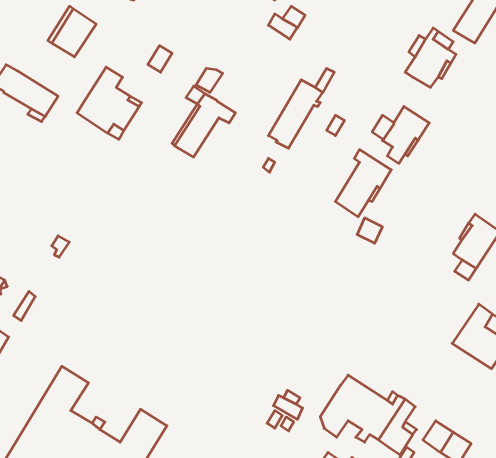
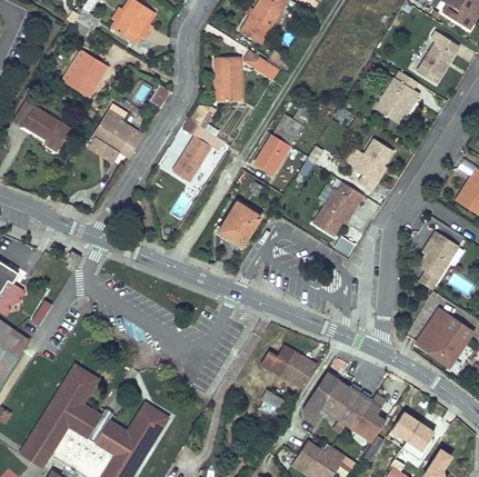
building: none -> [219,58,241,101]
building: none -> [219,202,260,246]
building: none -> [261,342,317,389]

